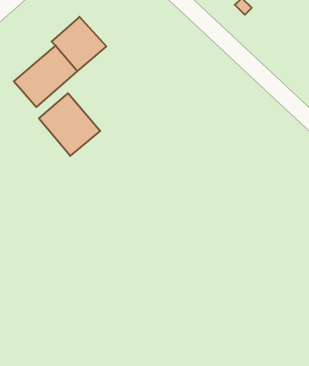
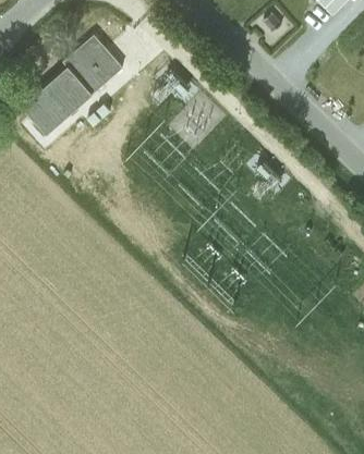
building: [39,93,100,156] -> none

